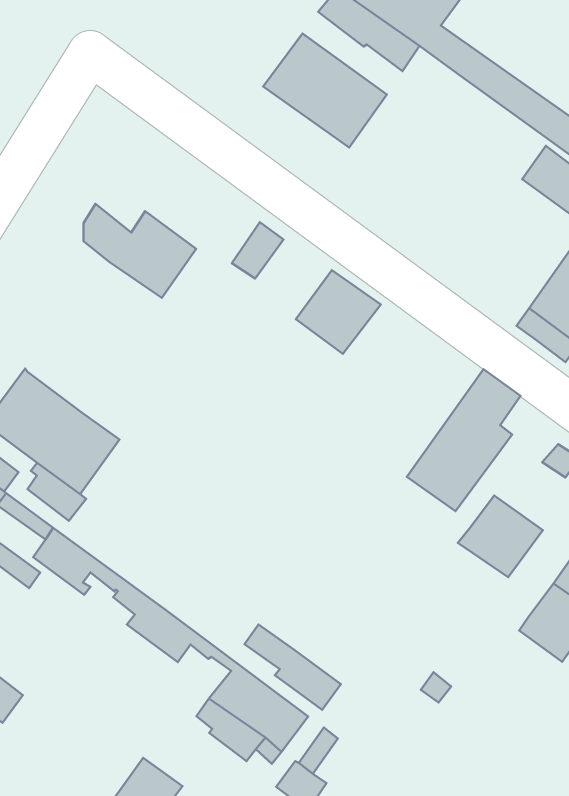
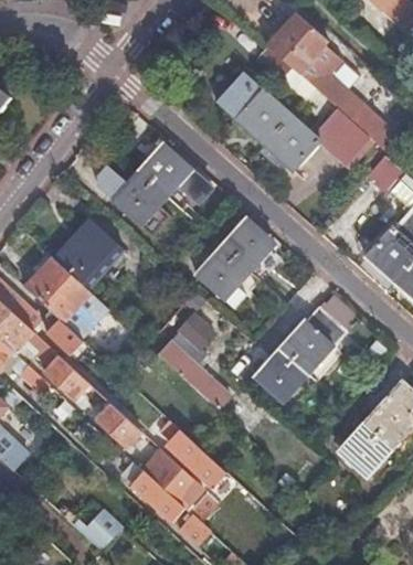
building: none -> [266,108,372,170]
building: none -> [137,143,191,196]
building: none -> [54,220,121,289]
building: none -> [195,246,248,298]
building: none -> [155,316,229,409]
building: [458,496,543,577] -> [254,350,307,401]

